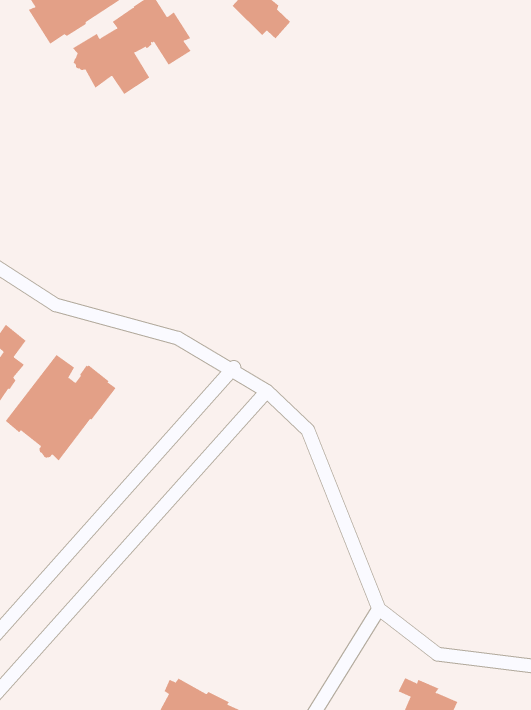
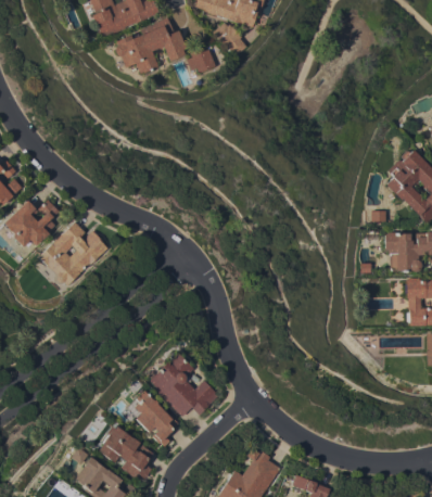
building: none -> [187,47,216,73]
building: none -> [150,352,218,416]
building: none -> [135,390,179,446]

